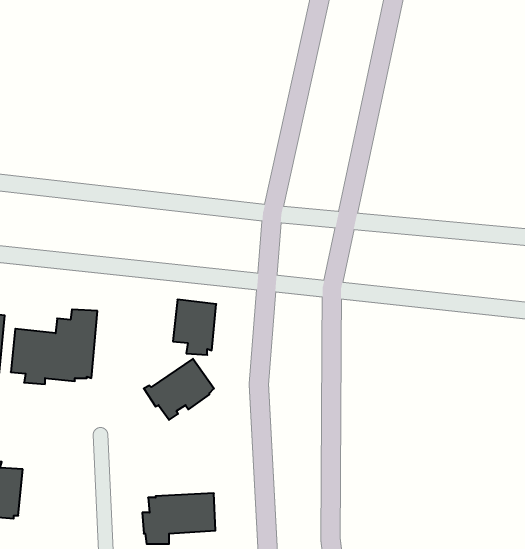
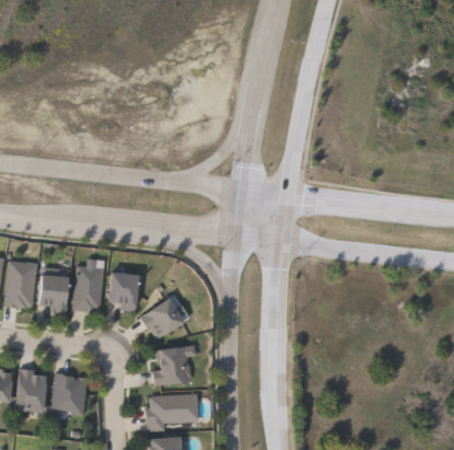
building: [173,300,216,355] -> [112,270,143,311]
building: none -> [147,345,188,385]
building: none -> [50,373,89,418]

